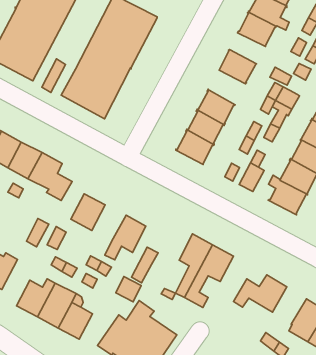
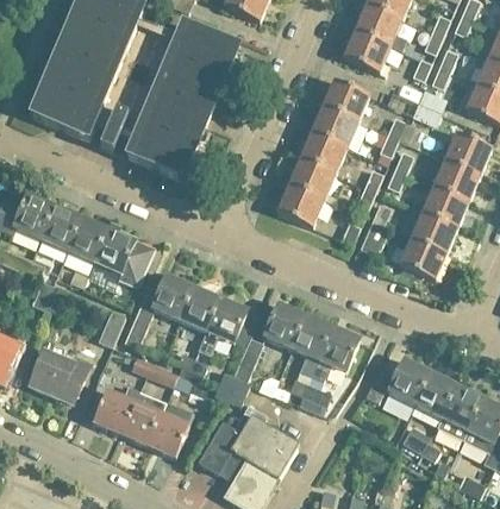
building: none -> [312,105,357,147]
building: none -> [179,287,220,332]
building: none -> [264,303,306,348]
building: none -> [414,371,456,417]

